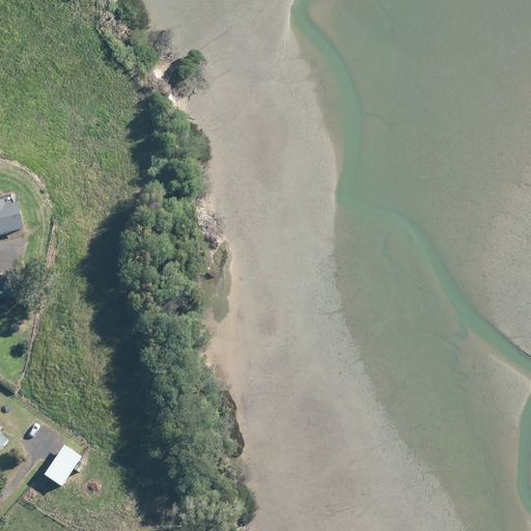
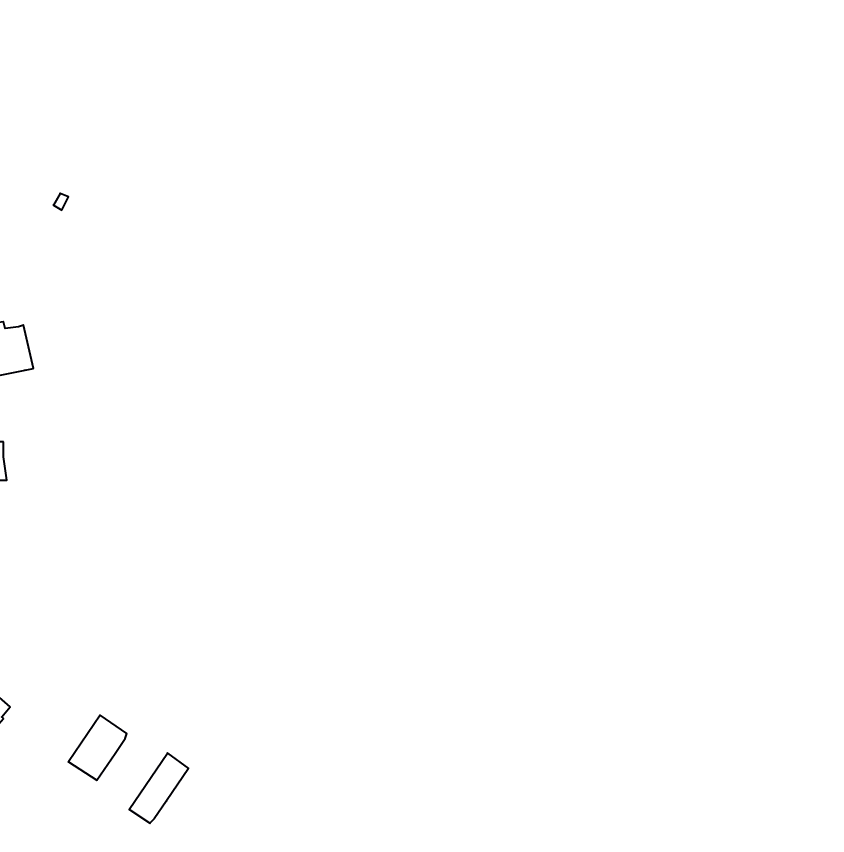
building: none -> [129,753,188,823]

